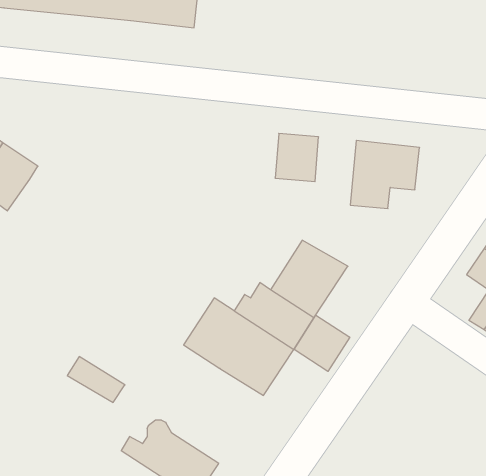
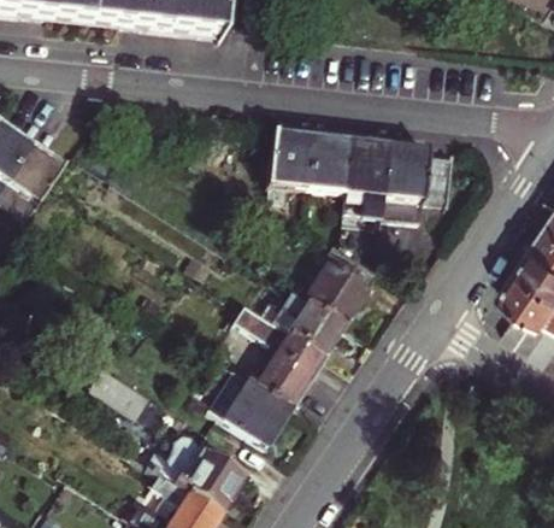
building: none -> [263,139,307,200]
building: none -> [342,146,387,216]
building: [294,315,350,371] -> none
building: none -> [222,383,291,452]

